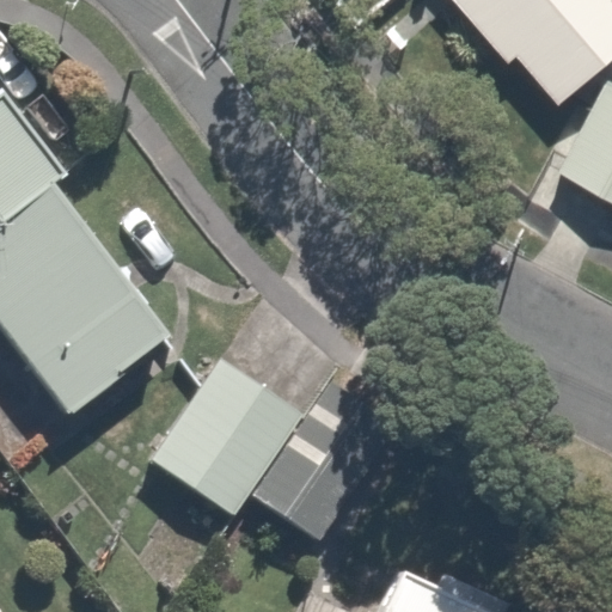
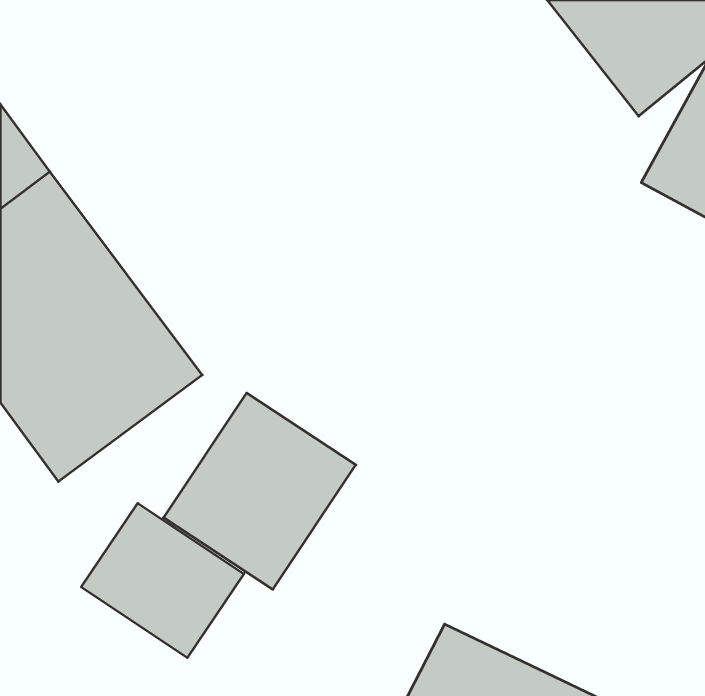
building: none -> [81,503,244,658]

